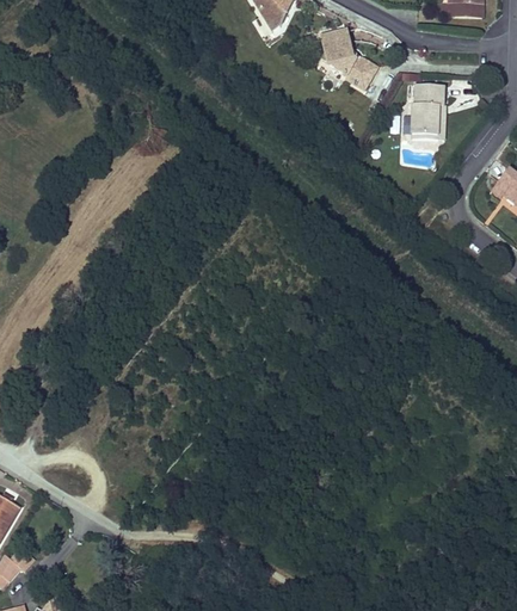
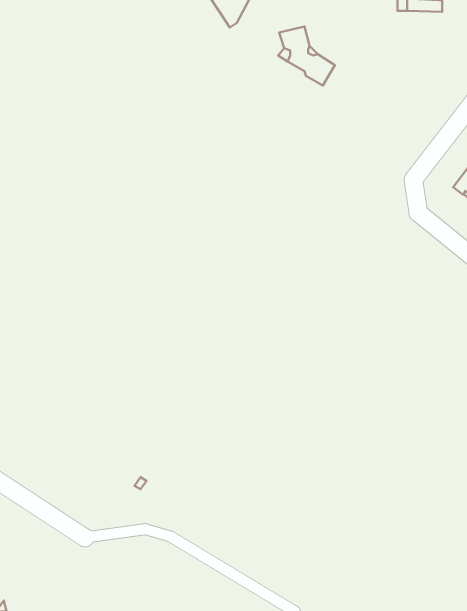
building: [412,84,444,138] -> none

